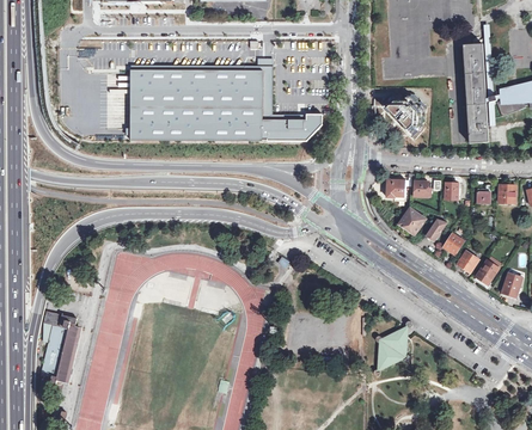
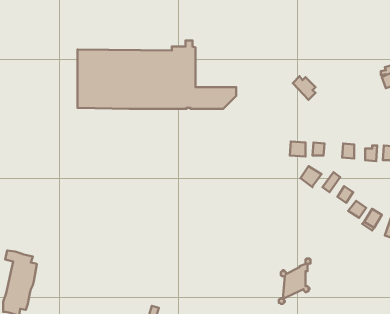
building: [463,43,488,142] -> none

